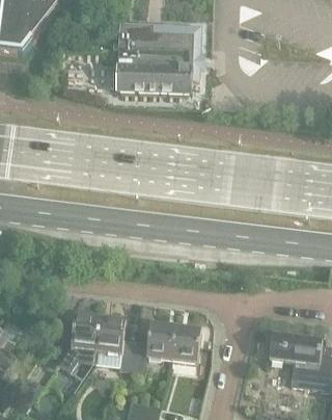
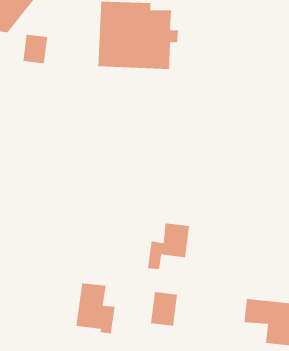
building: none -> [23,34,48,64]
building: [58,313,99,371] -> none
building: [130,322,174,371] -> [147,223,190,270]

